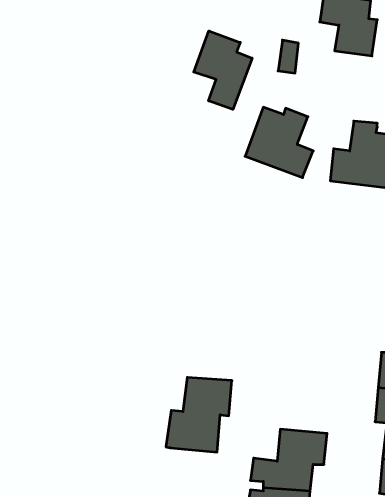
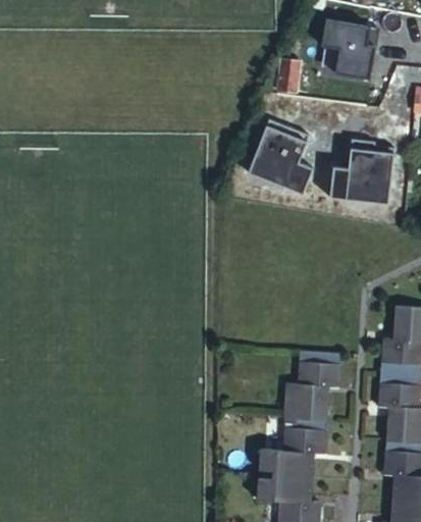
building: [194,31,252,109] -> none
building: [166,377,232,452] -> [278,365,341,436]

